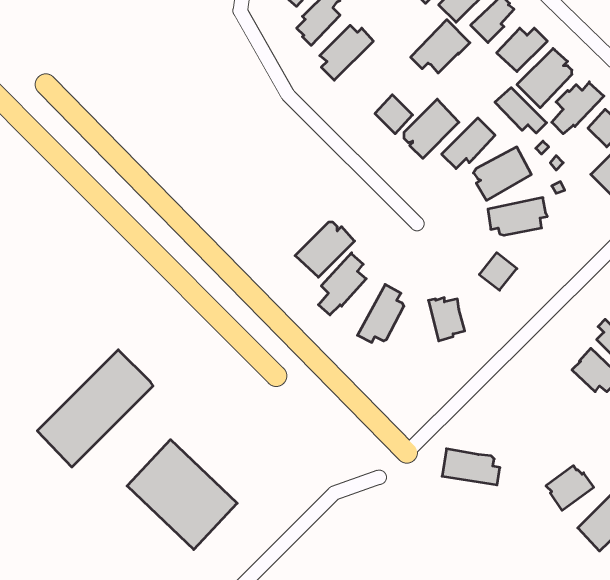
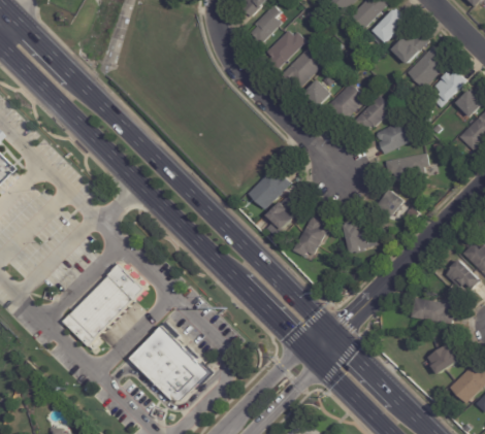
building: [411,20,470,73] -> [280,47,322,86]
building: [495,88,547,133] -> none
building: [442,449,500,485] -> [411,298,452,324]

